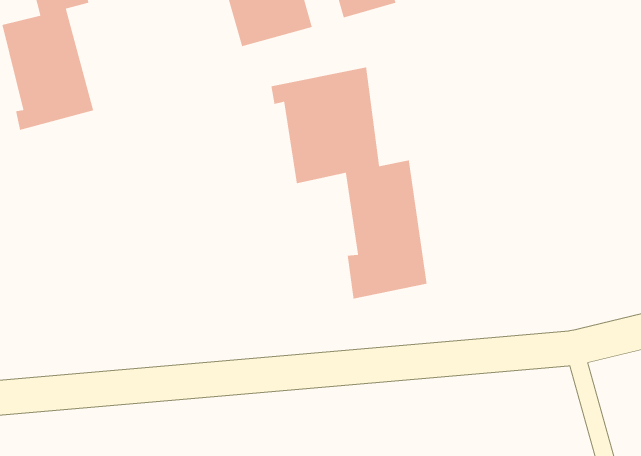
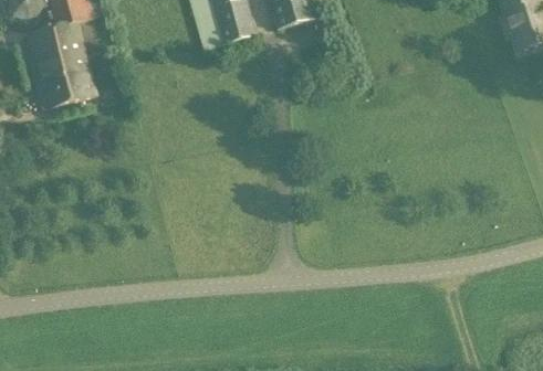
building: [270,66,428,299] -> none

